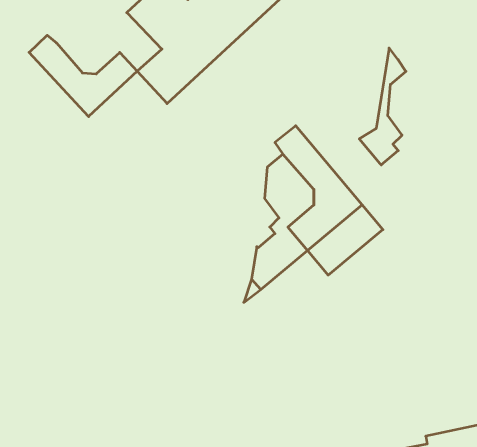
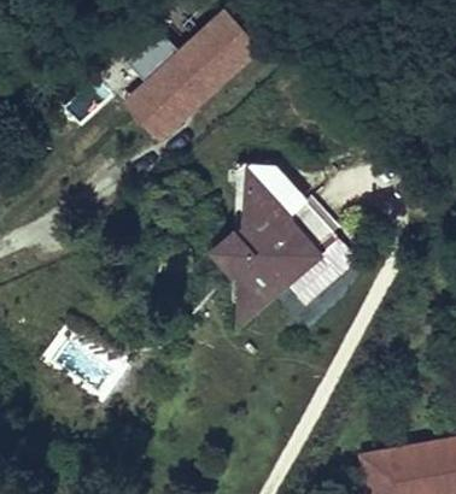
building: [29,35,137,117] -> none
building: [359,48,406,165] -> [220,169,263,277]

